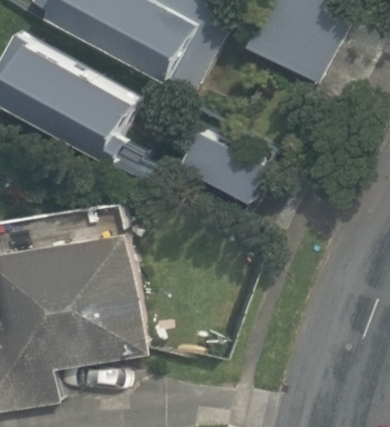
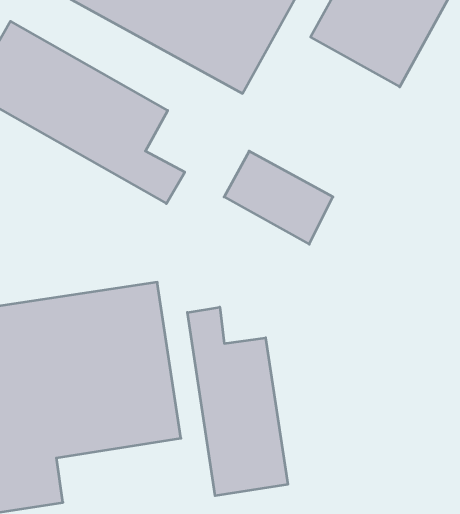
building: none -> [187,307,288,496]

